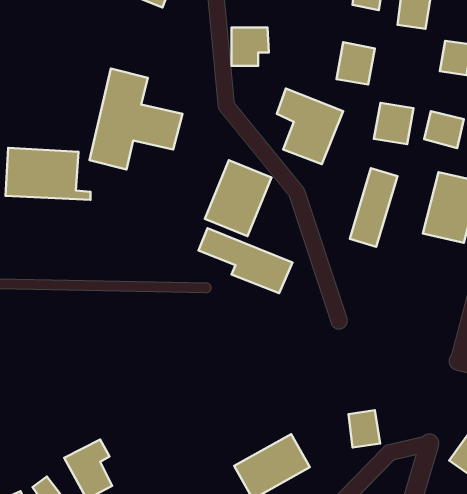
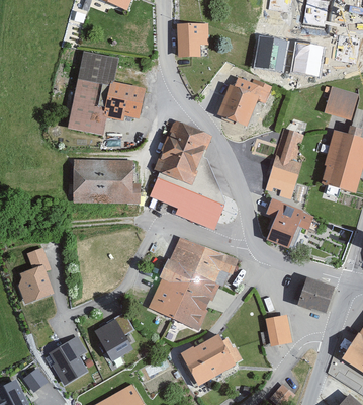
building: [374,103,414,144] -> [293,44,324,75]
building: [5,148,90,200] -> [72,163,137,202]
building: none -> [267,198,312,246]
building: none -> [151,240,225,330]
building: none -> [16,250,50,303]
building: none -> [300,277,333,307]
building: none -> [98,320,133,360]

